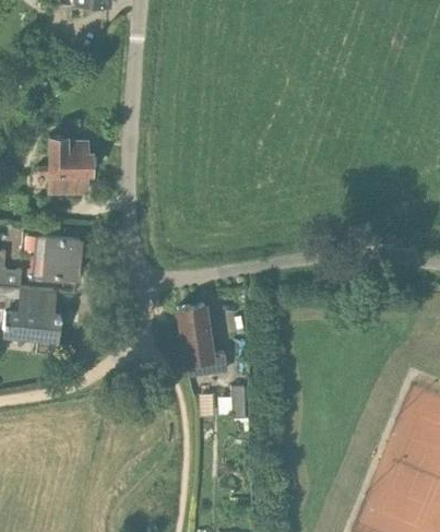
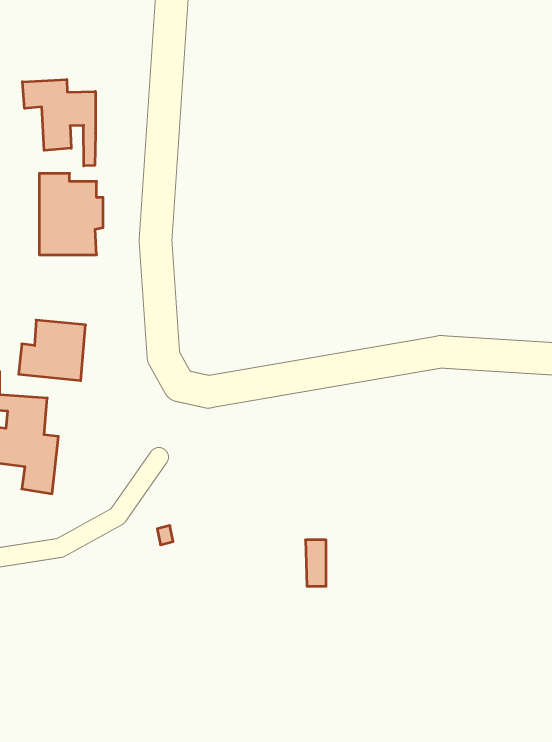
building: none -> [22,79,95,166]
building: [178,303,229,377] -> none

